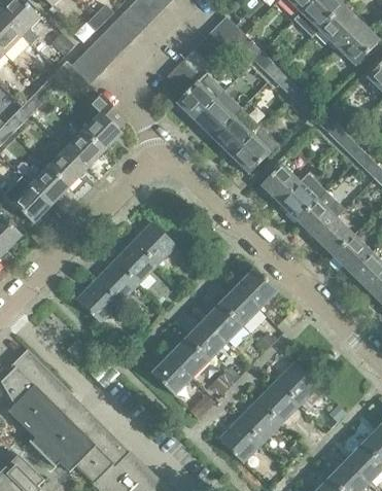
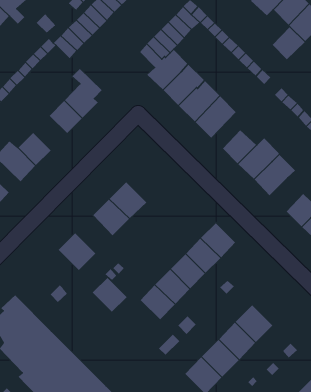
building: none -> [272,26,306,60]
building: [47,148,85,187] -> none
building: [314,218,352,256] -> none
building: [95,260,137,304] -> none
building: [150,356,190,396] -> [92,277,127,313]

